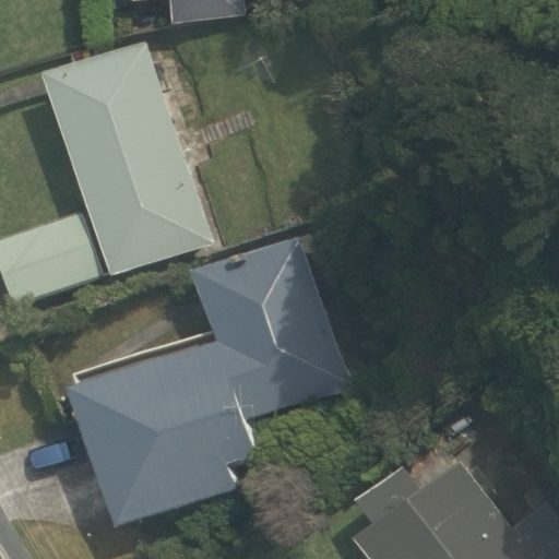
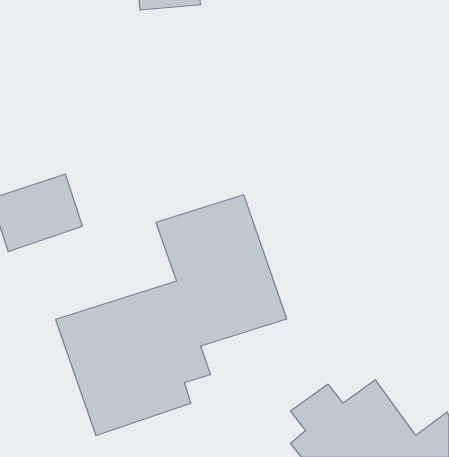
building: [41,41,213,277] -> none

